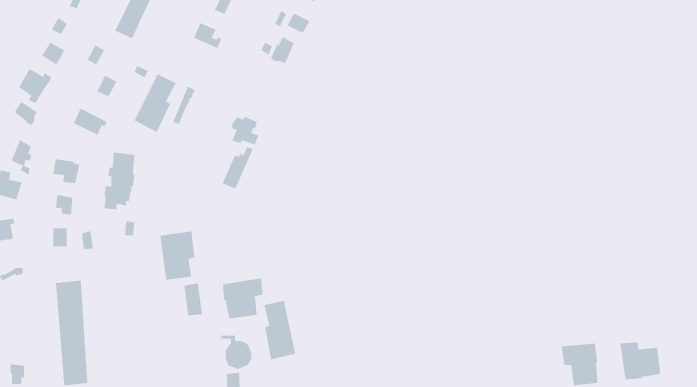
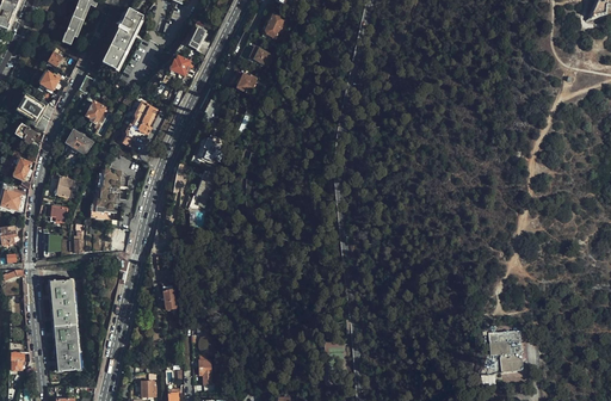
building: [160,231,195,280] -> none
building: [222,278,263,319] -> none
building: [264,300,296,360] -> none
building: [620,341,661,380] -> none

